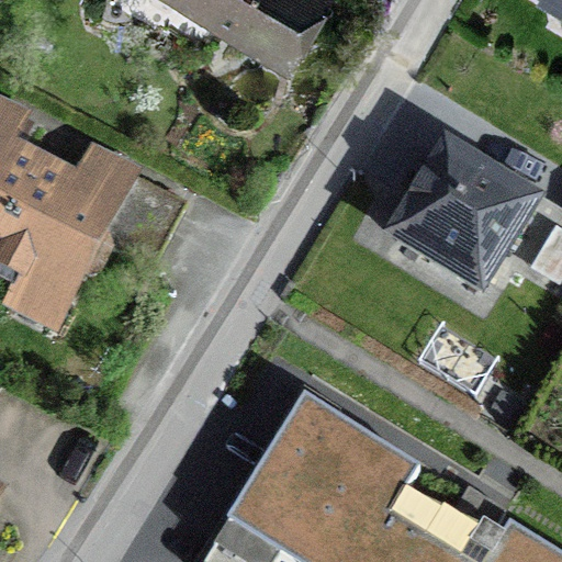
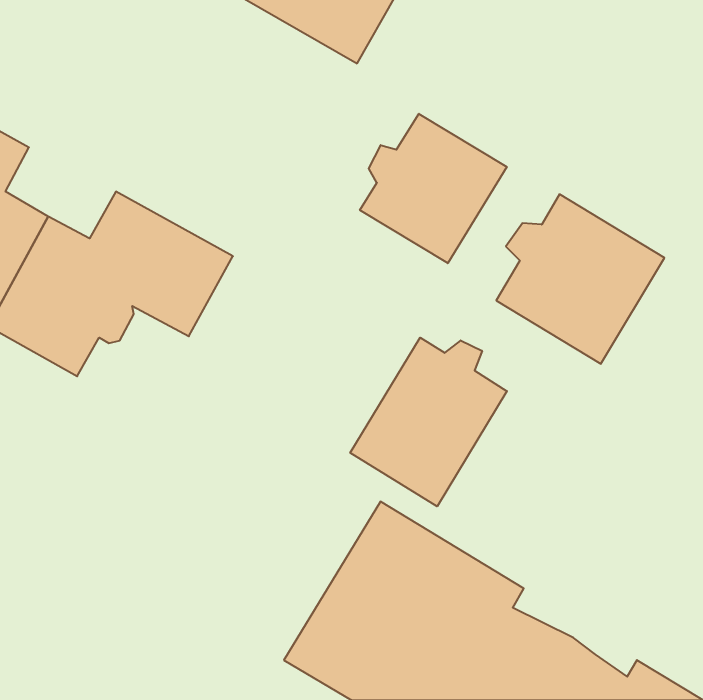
building: none -> [360,114,507,263]
building: none -> [350,338,507,506]

